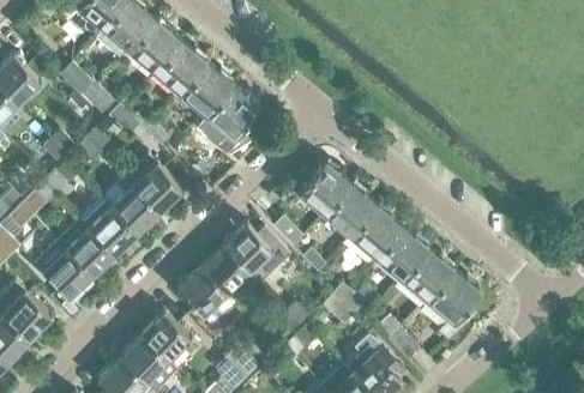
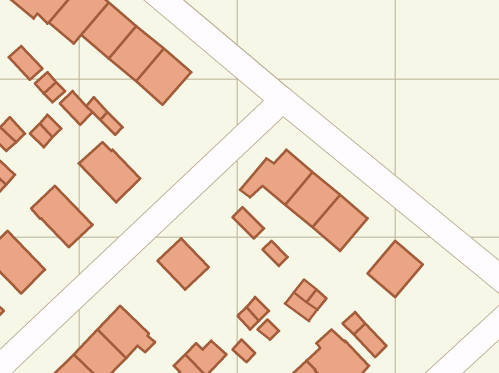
building: [206,87,259,156] -> none
building: [103,175,162,234] -> none
building: [58,218,116,277] -> none
building: [224,224,293,285] -> none
building: [377,228,429,280] -> none
building: [179,268,228,319] -> none
building: [429,272,481,339] -> none

